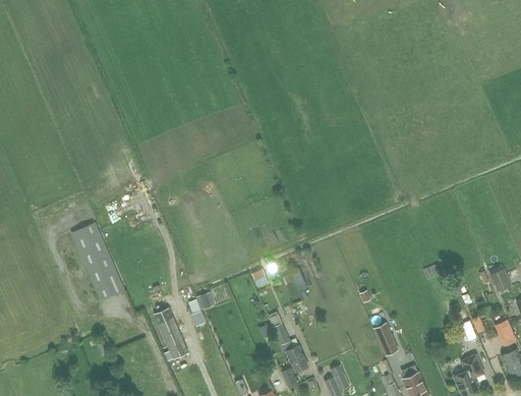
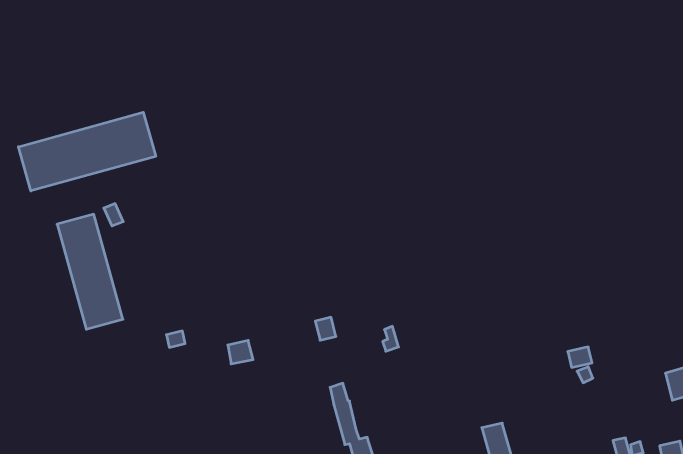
building: none -> [18,112,156,191]
building: [154,307,188,358] -> none

